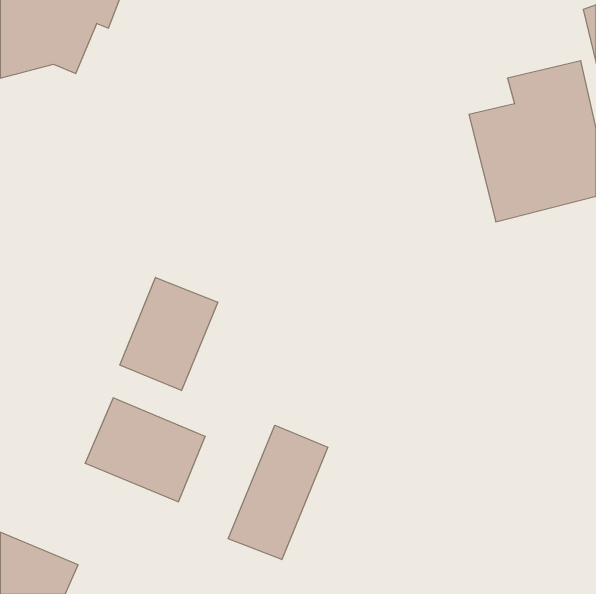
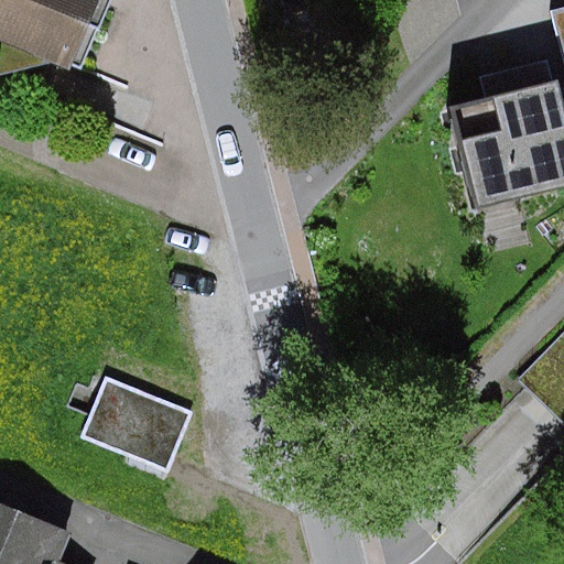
building: [120,277,218,391] -> none
building: [228,425,328,560] -> none

